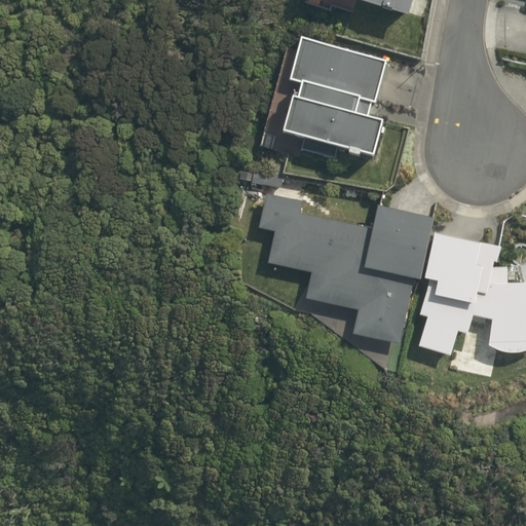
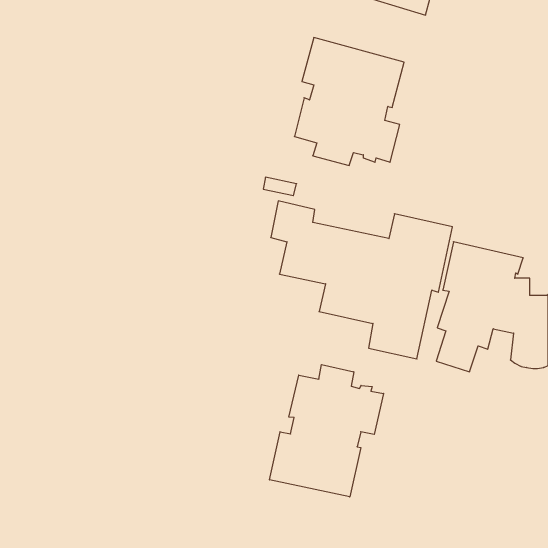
building: none -> [270,365,384,497]

